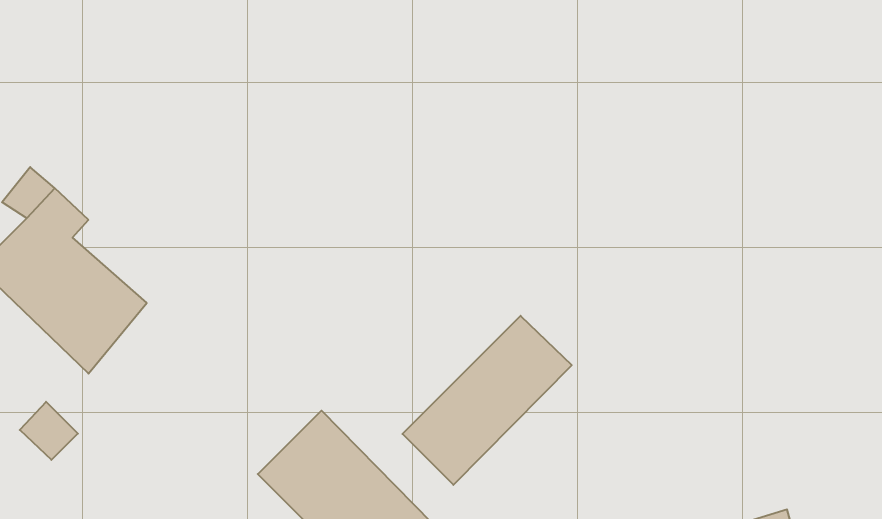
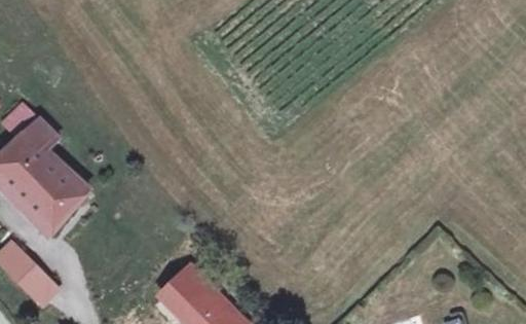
building: [402,316,572,485] -> none

